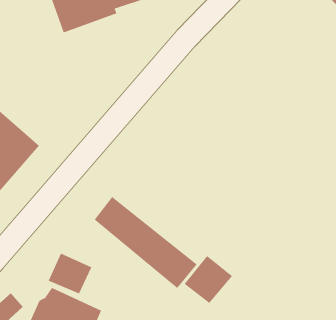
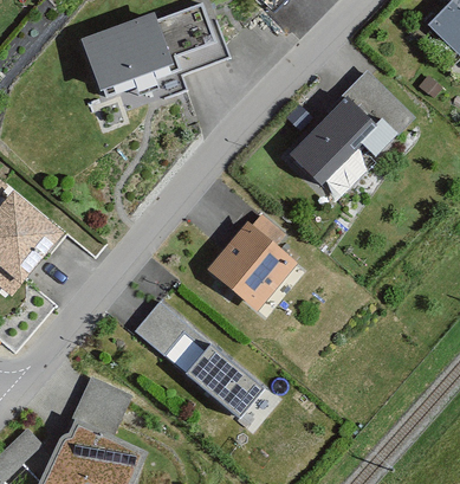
building: none -> [292,73,397,188]
building: none -> [206,219,300,312]
building: [184,255,233,304] -> none

